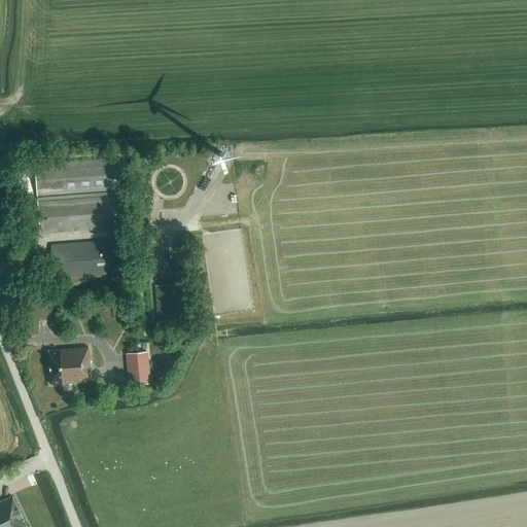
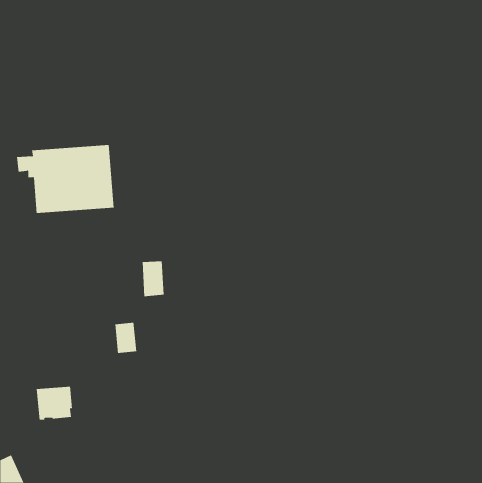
building: [50,239,124,280] -> none
building: [49,347,90,384] -> [36,386,73,420]

